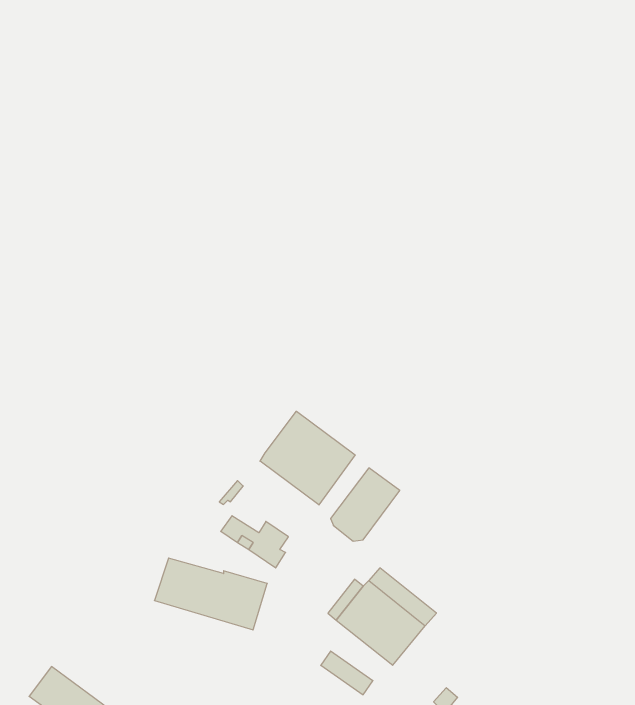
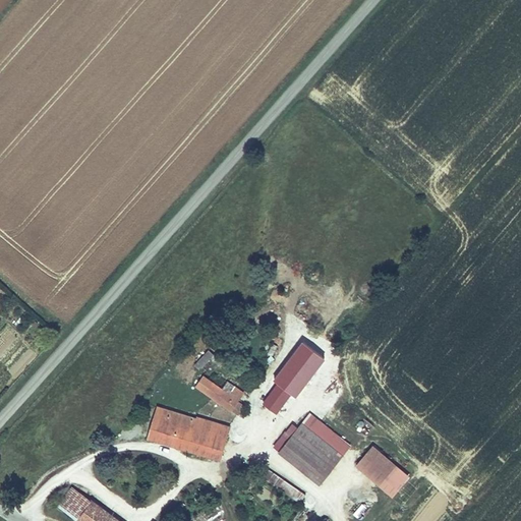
building: [260,411,355,505] -> none
building: none -> [262,384,290,413]
building: none -> [354,446,409,498]

